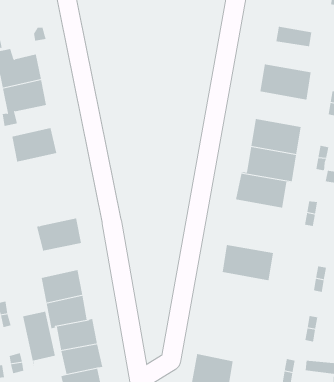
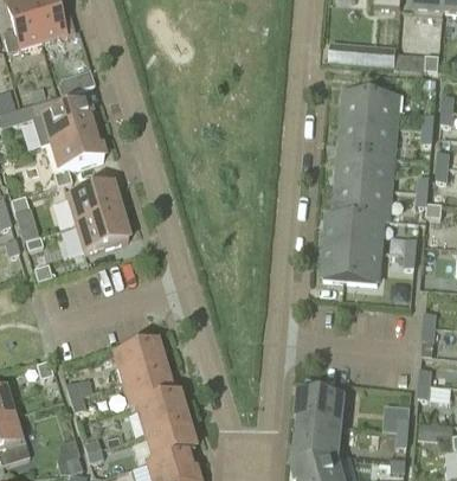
building: none -> [339,120,395,155]
building: [36,218,82,251] -> [73,210,127,251]
building: [222,244,274,281] -> [322,244,379,281]
building: [23,311,56,366] -> none
building: none -> [296,378,342,427]

